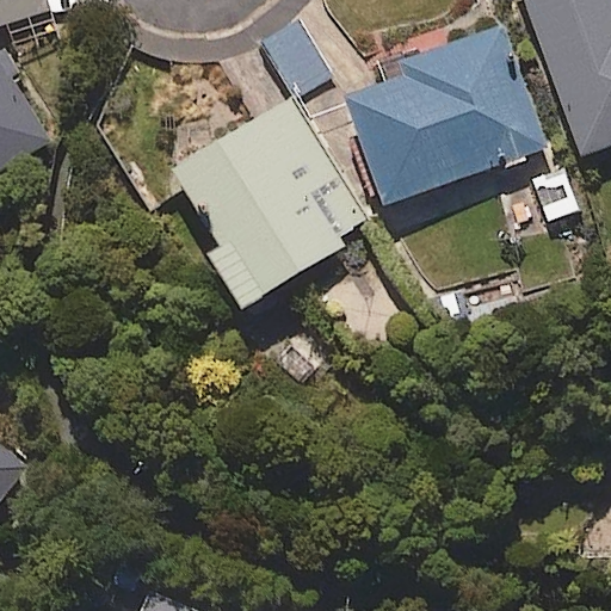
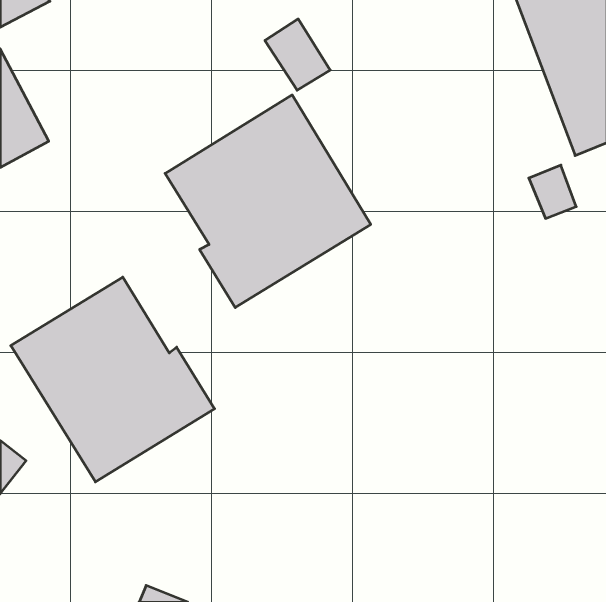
building: [339,24,547,205] -> none
building: none -> [11,277,215,482]

